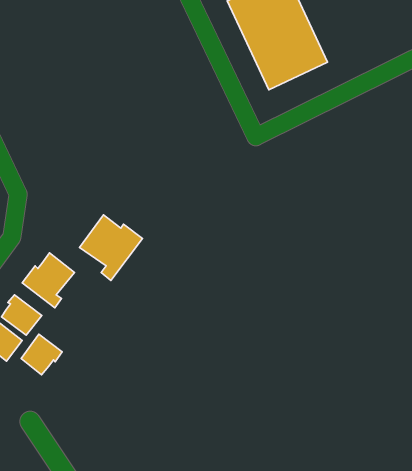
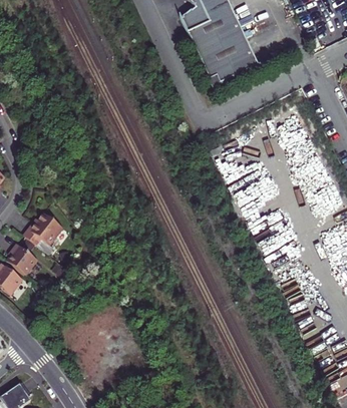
building: [80,215,143,280] -> none
building: [21,334,62,375] -> none

